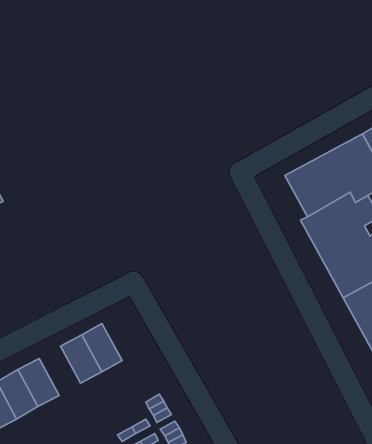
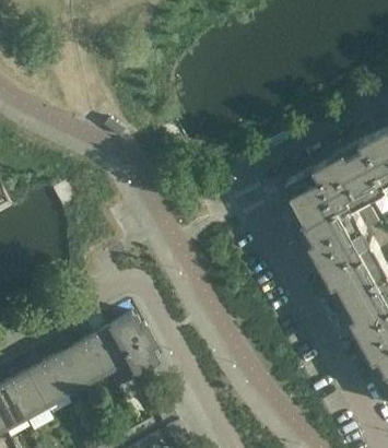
building: none -> [105,317,153,375]
building: none -> [44,351,84,399]

